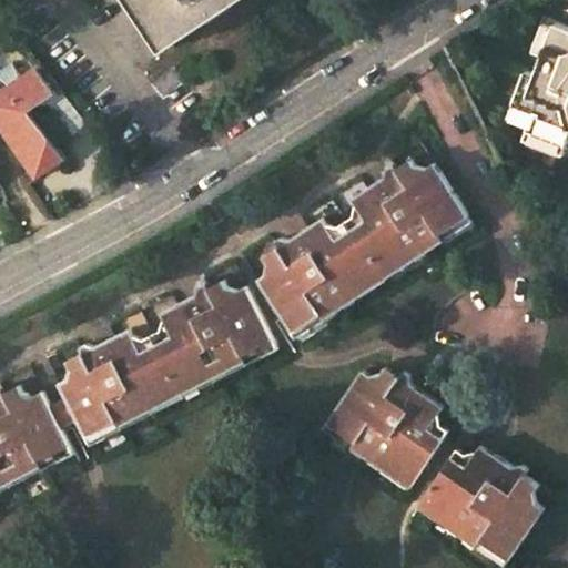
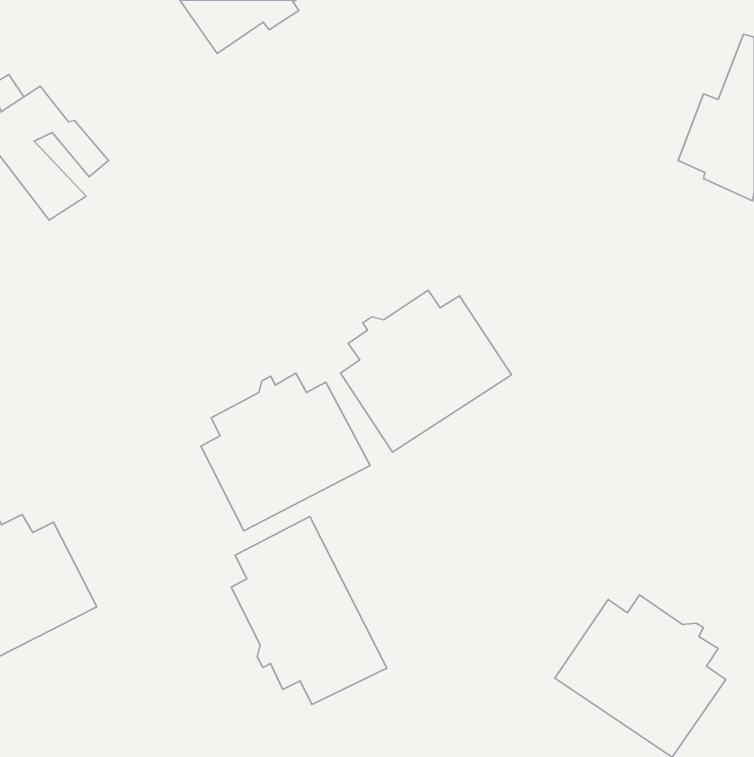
building: [343,161,470,282] -> none
building: [55,329,182,447] -> none
building: [320,368,446,489] -> none
building: none -> [231,516,387,704]

